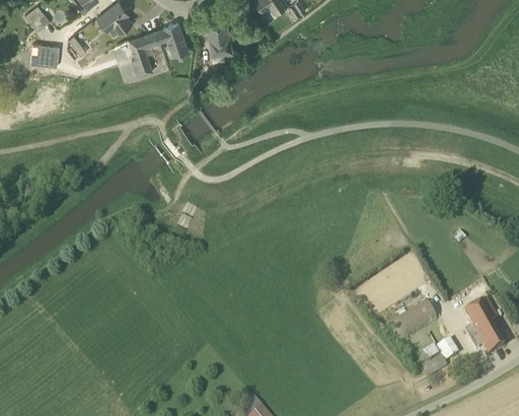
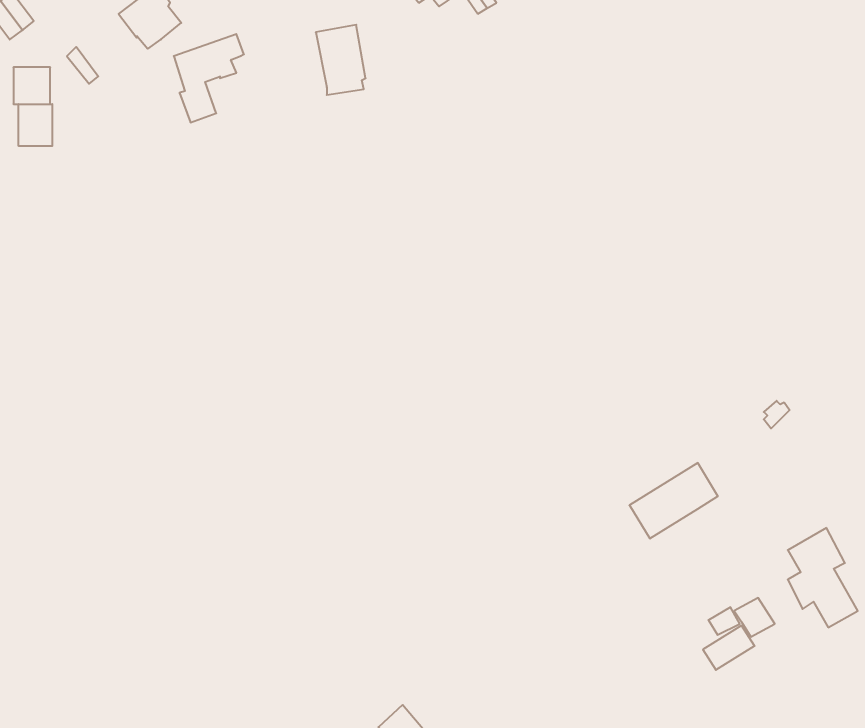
building: [162,22,188,56] -> none
building: none -> [19,104,52,146]
building: [388,299,437,341] -> [629,463,718,538]

